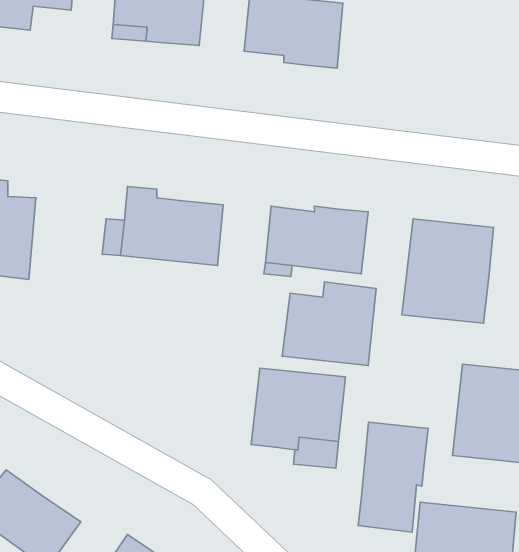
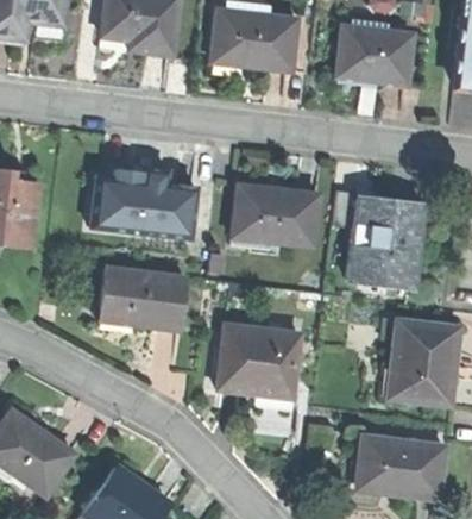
building: none -> [339,26,411,85]
building: [282,282,376,366] -> none
building: none -> [101,268,187,330]
building: [358,422,428,532] -> none

